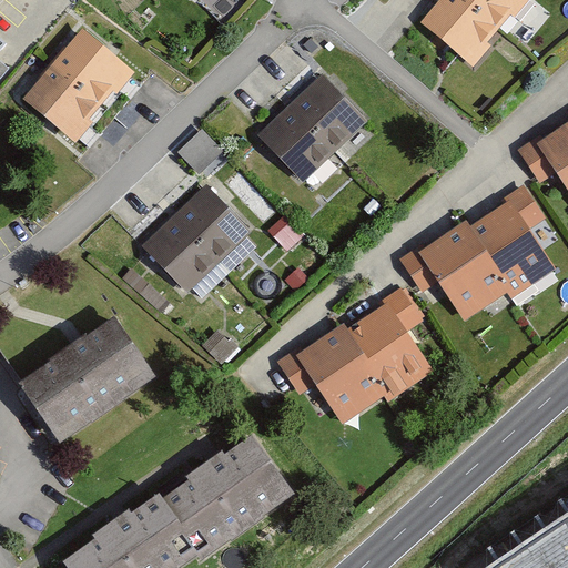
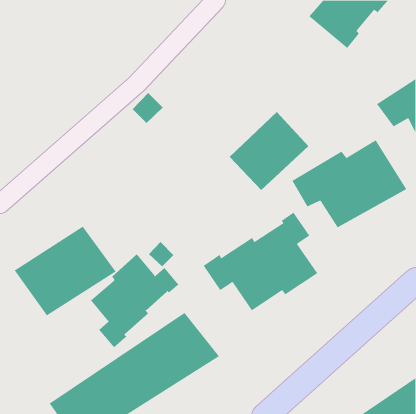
building: [24,22,135,141] -> none
building: [257,77,367,185] -> [229,111,309,191]
building: [143,187,253,297] -> none
building: none -> [90,254,179,348]

